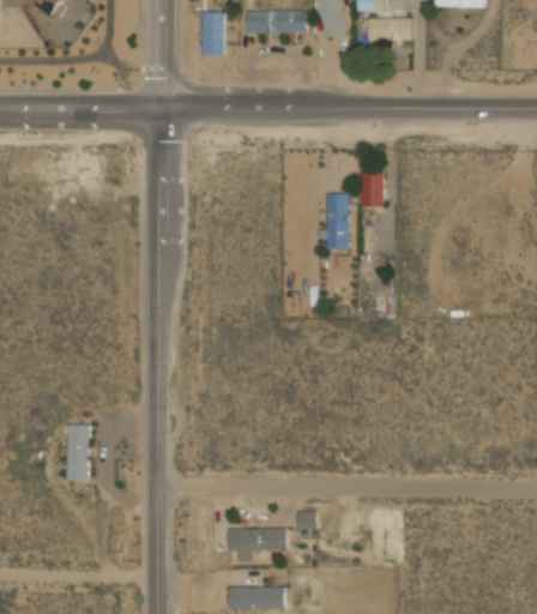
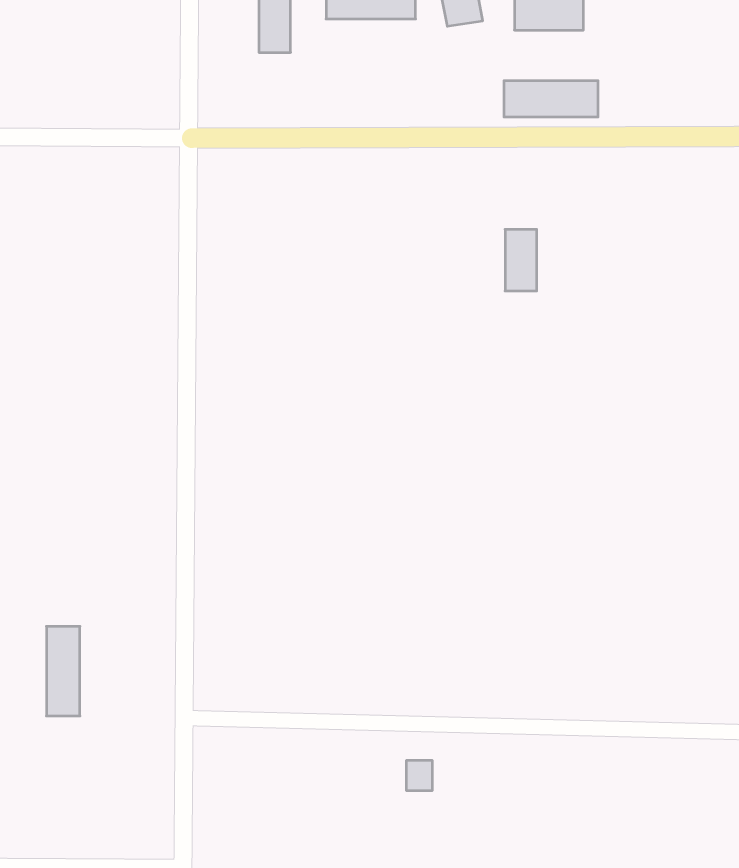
building: none -> [504,81,598,117]
building: [326,192,349,249] -> none
building: [228,525,286,560] -> none

